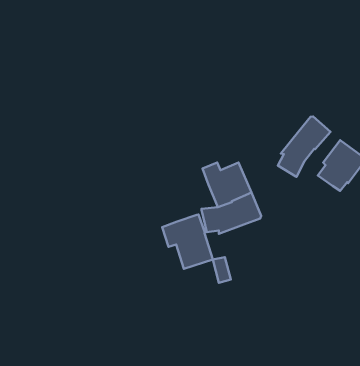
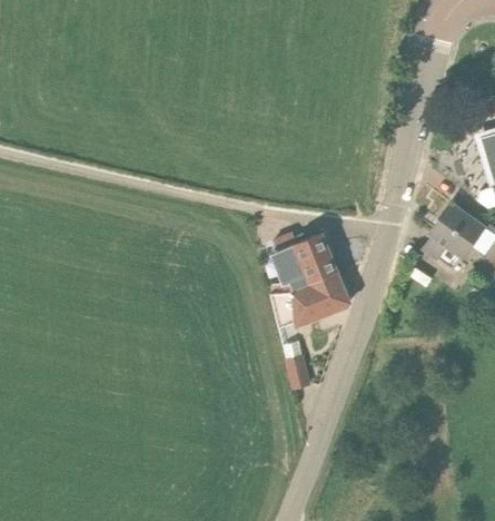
building: [278,117,330,177] -> none
building: [162,215,213,269] -> none

